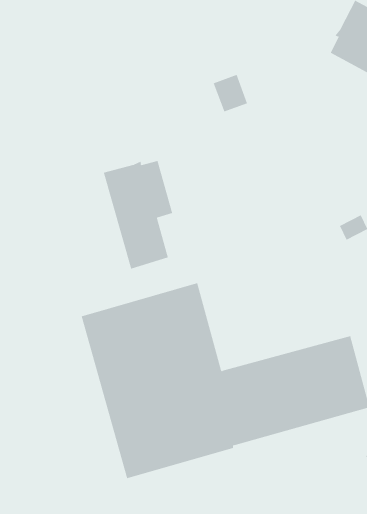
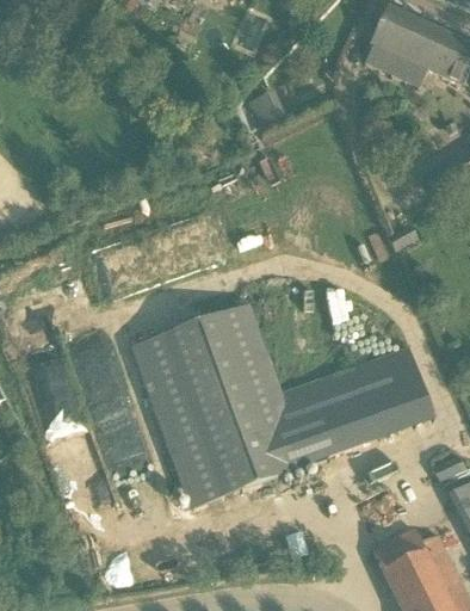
building: [103,160,173,269] -> none

